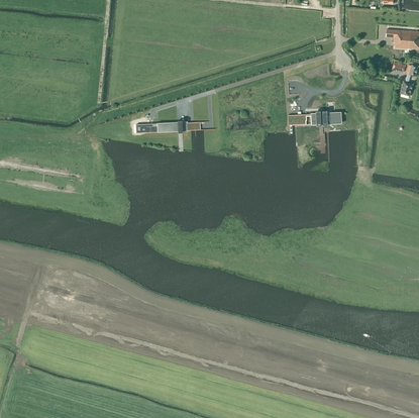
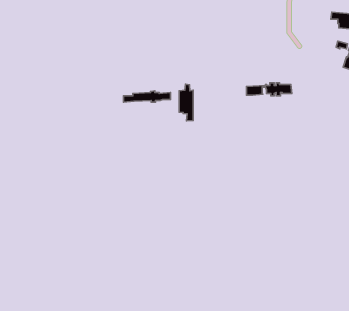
building: none -> [179,84,193,121]

